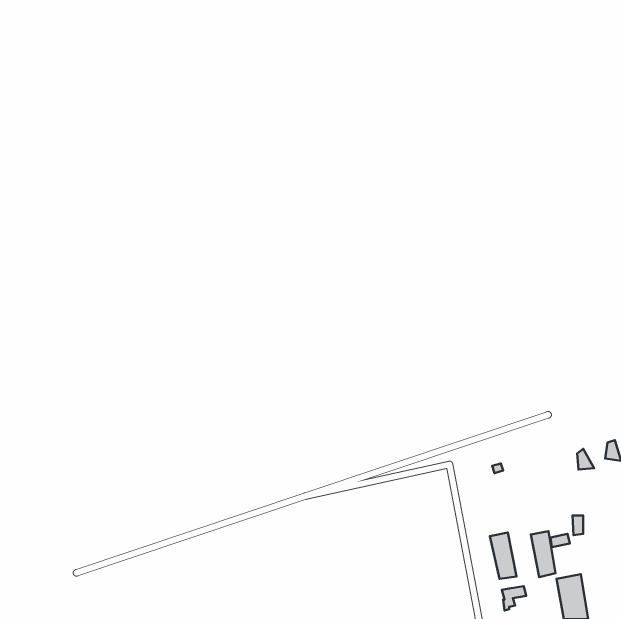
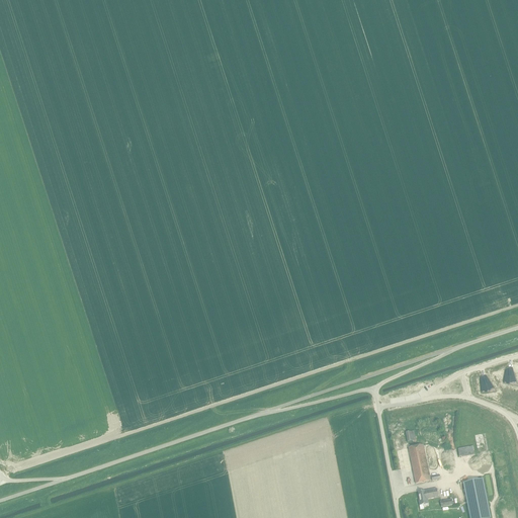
building: [531,531,555,577] -> none

